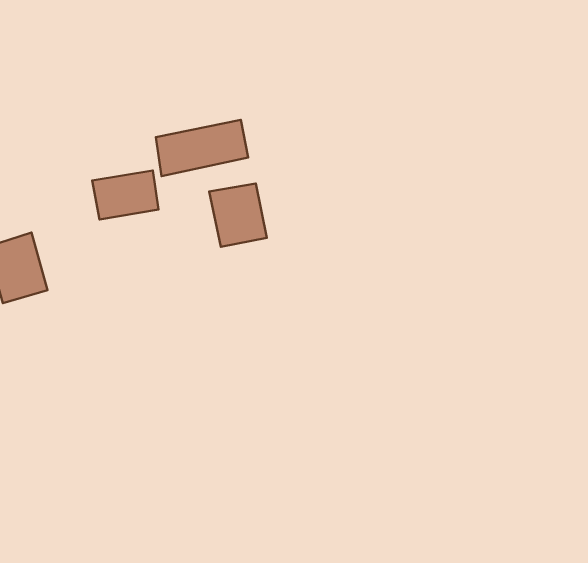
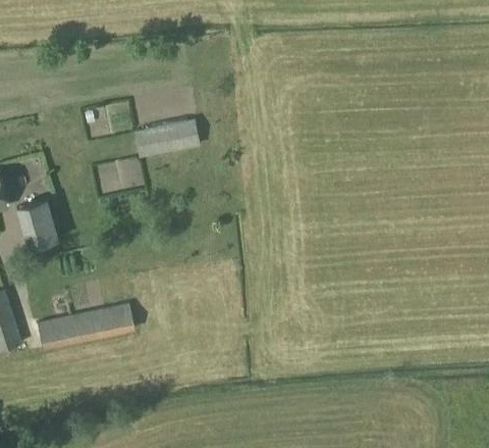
building: [209,184,267,247] -> none
building: none -> [38,302,135,350]

